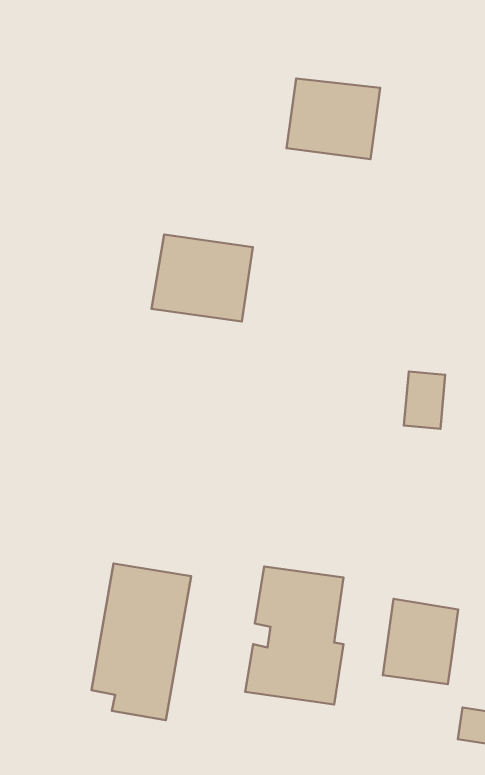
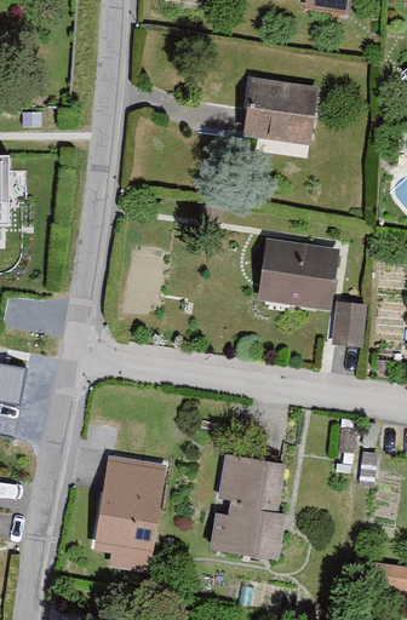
building: [151,234,253,322] -> [256,242,333,309]
building: [383,599,458,684] -> none

